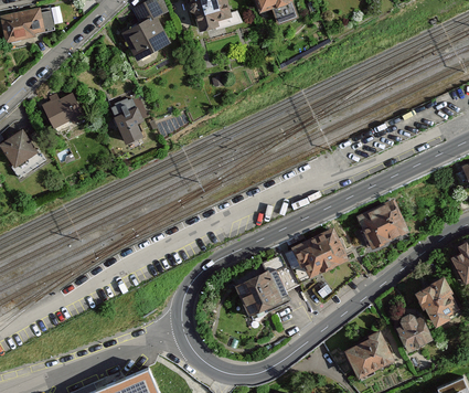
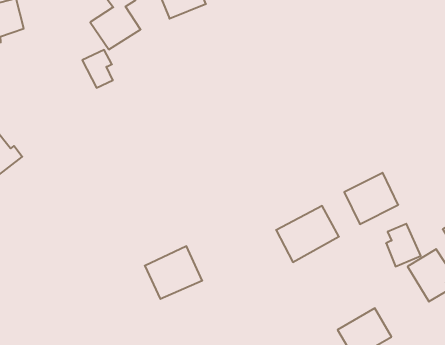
building: [44,93,85,131] -> none
building: [114,107,142,144] -> [82,50,113,88]
building: [234,265,289,315] -> [145,246,202,299]
building: [397,309,430,350] -> [386,224,421,266]

